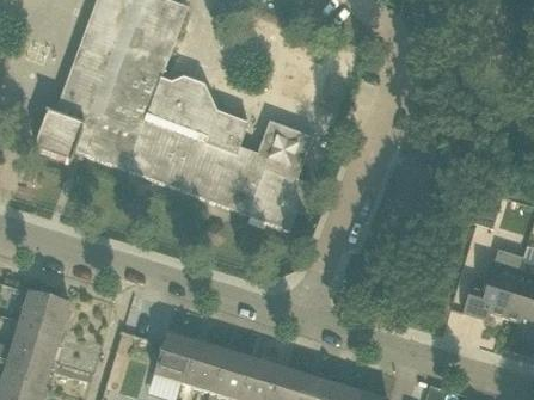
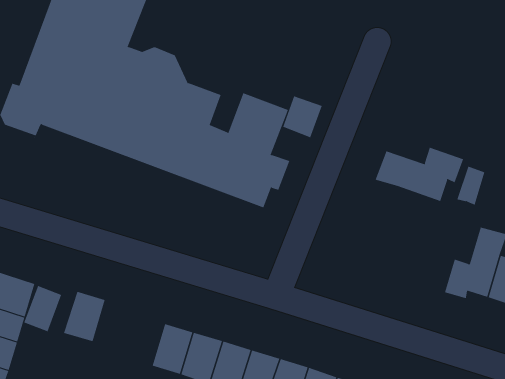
building: none -> [282,96,323,138]
building: none -> [375,147,464,202]
building: none -> [24,285,62,332]
building: [154,333,195,382] -> [63,291,106,342]

